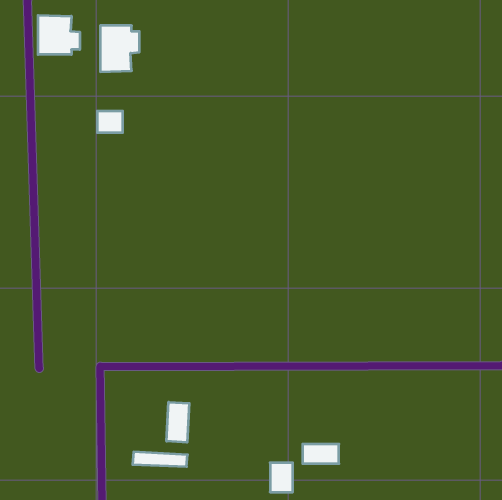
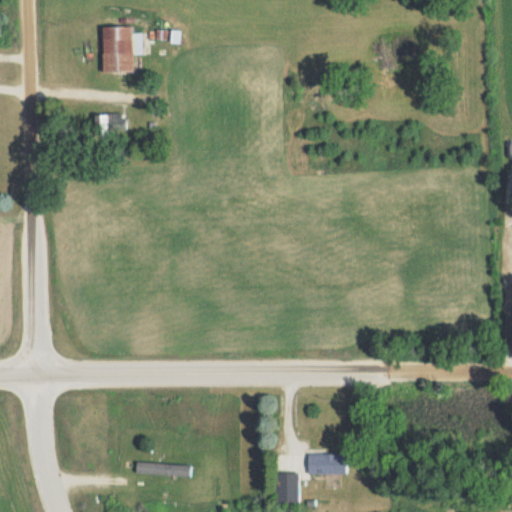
building: [38,15,80,55] -> none
building: [167,402,189,442] -> none

